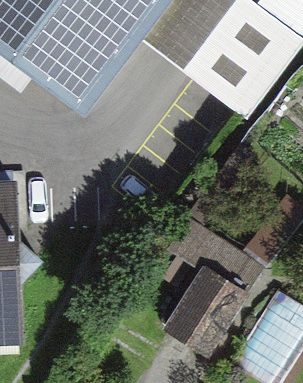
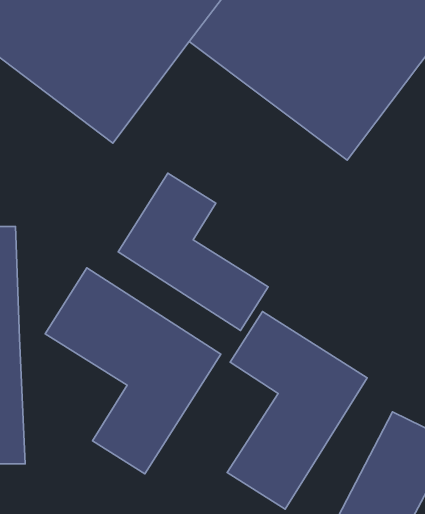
building: none -> [118,173,268,330]
building: none -> [45,268,221,474]

